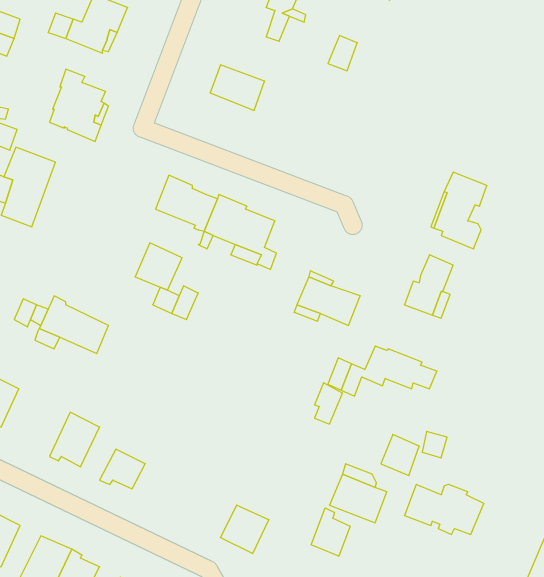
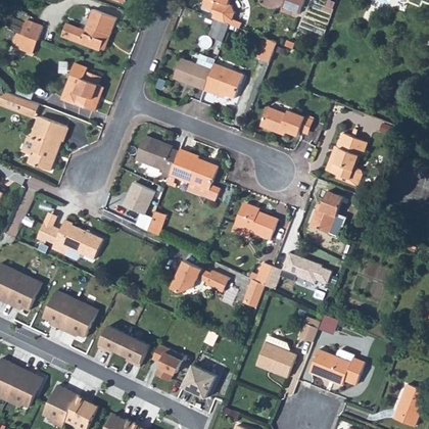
building: none -> [204,64,243,97]
building: none -> [260,107,304,136]
building: none -> [172,259,230,291]
building: none -> [42,289,77,330]
building: none -> [120,335,149,366]
building: none -> [152,344,184,380]
building: [311,508,350,556] -> none

